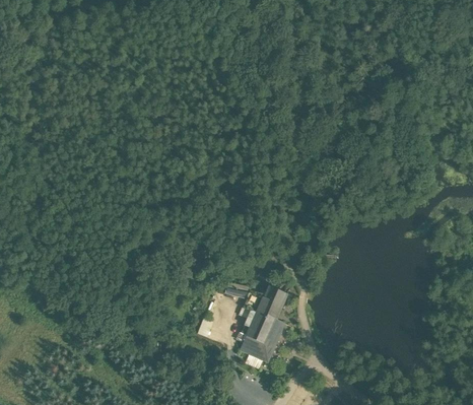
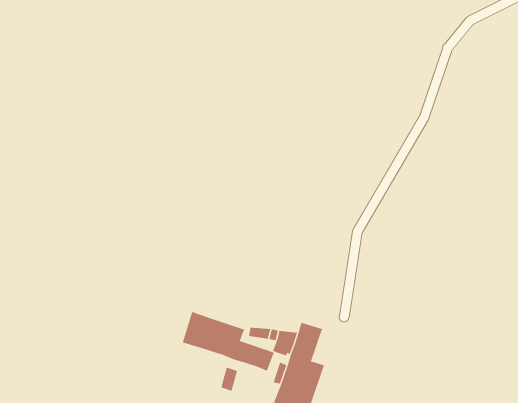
building: none -> [182,311,274,371]

